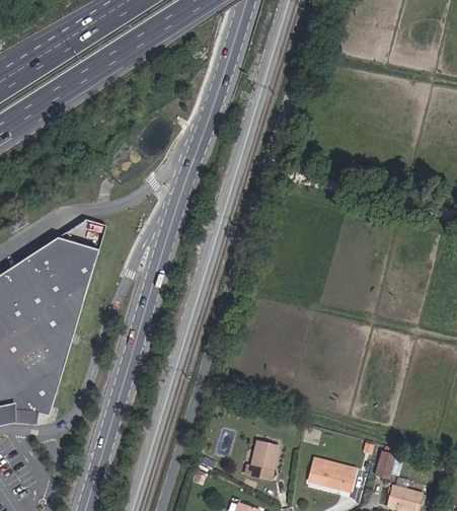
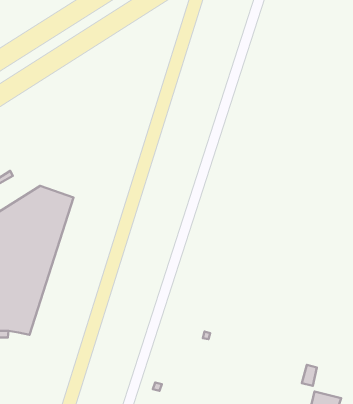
building: [245,443,279,483] -> none
building: [309,460,356,493] -> none

